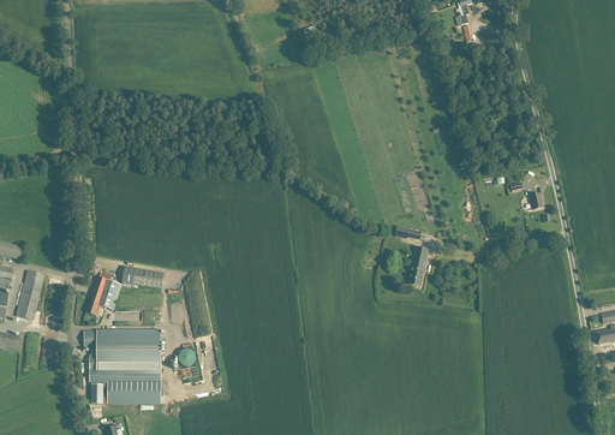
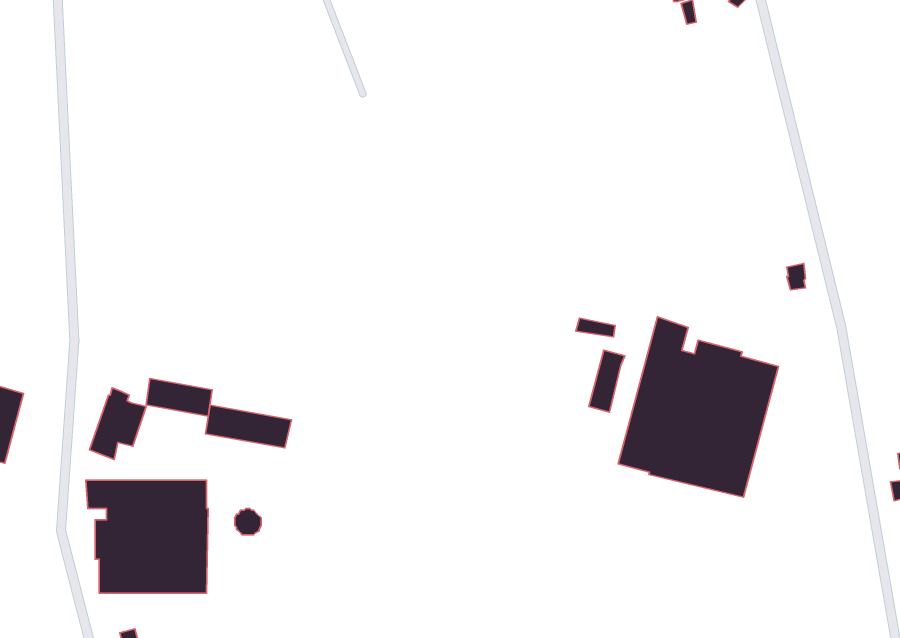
building: none -> [618,317,778,497]
building: none -> [205,405,291,448]

